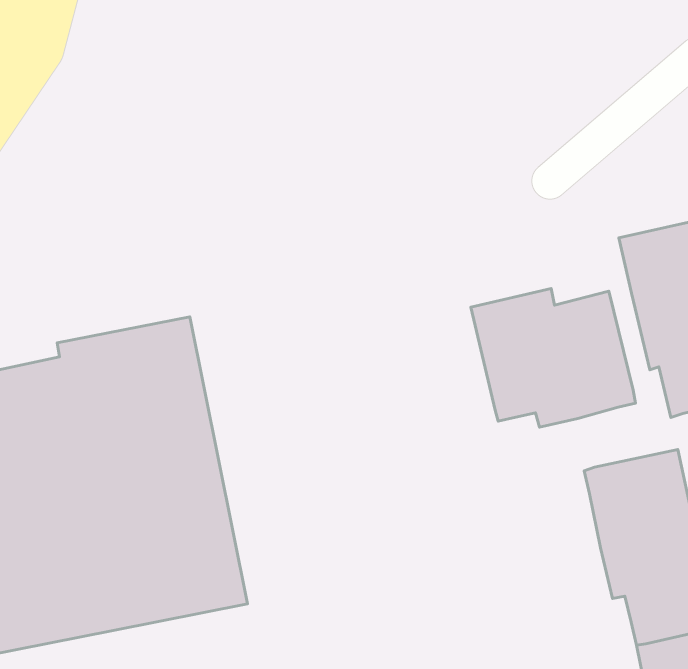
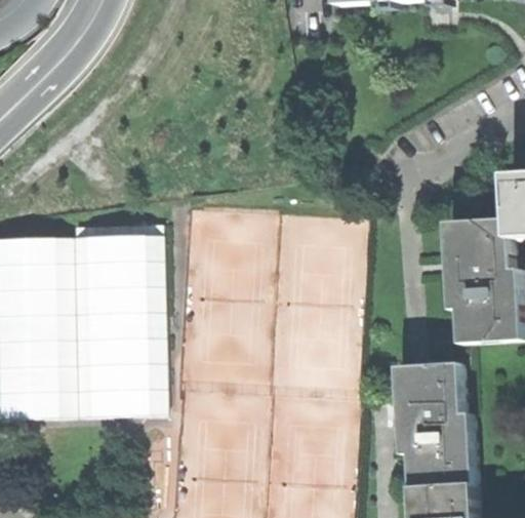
building: [471,289,636,427] -> none

